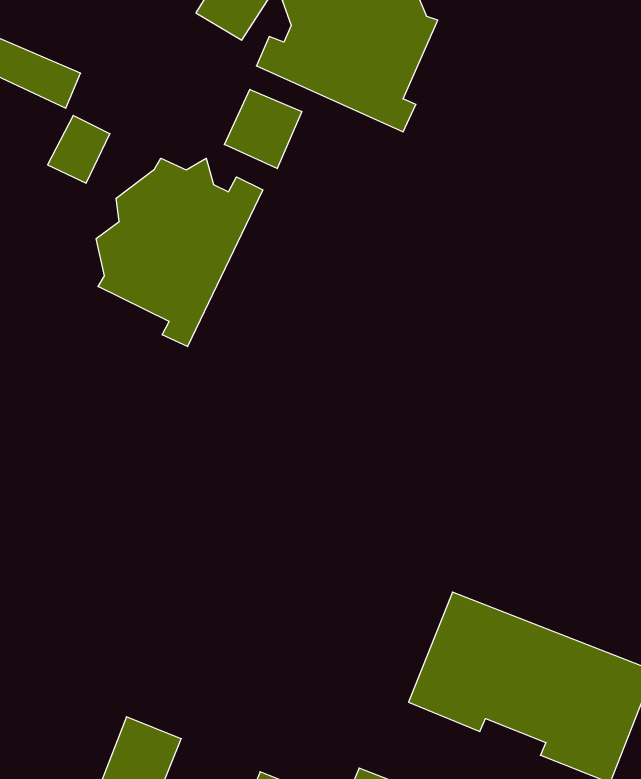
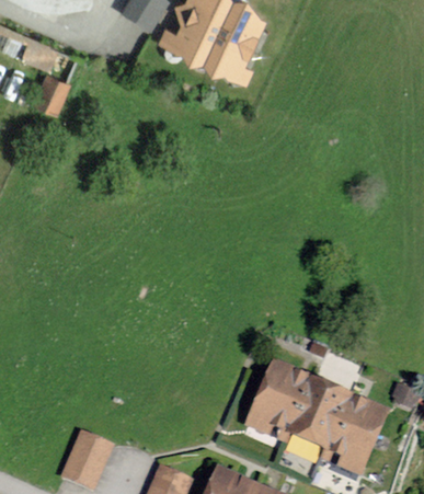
building: [224,89,302,169] -> none
building: [96,158,263,347] -> none

